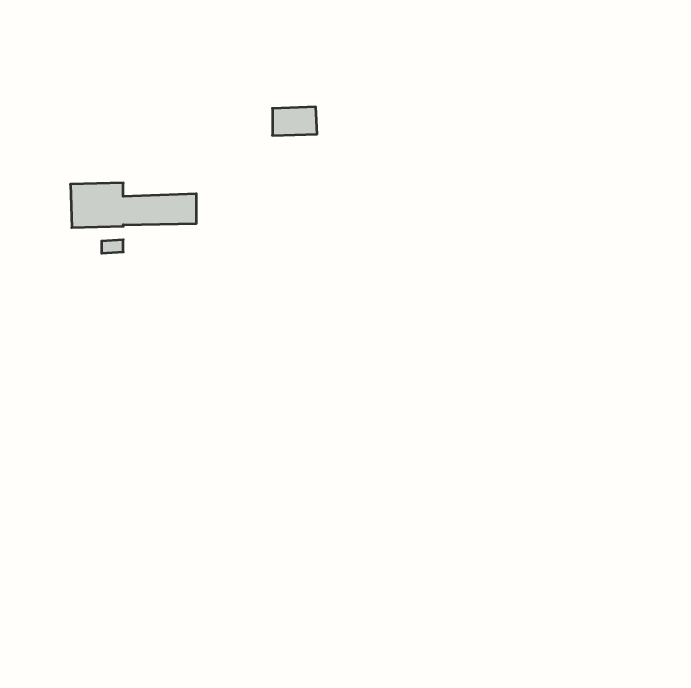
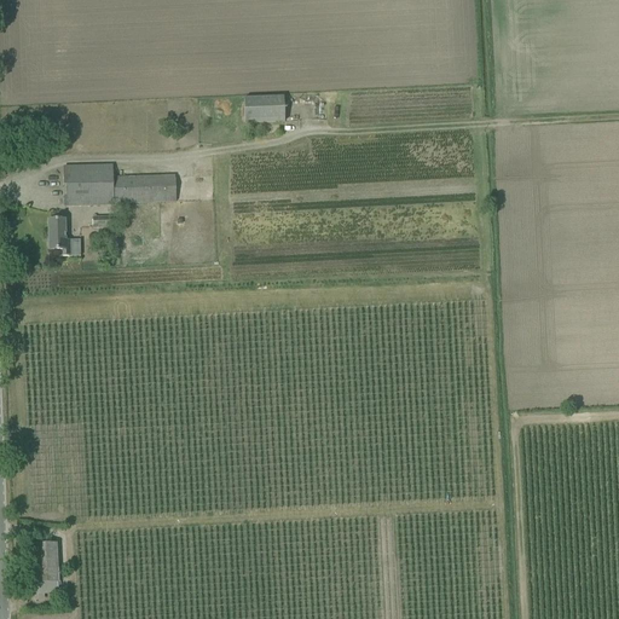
building: none -> [48,218,81,254]
building: none -> [28,542,59,591]

